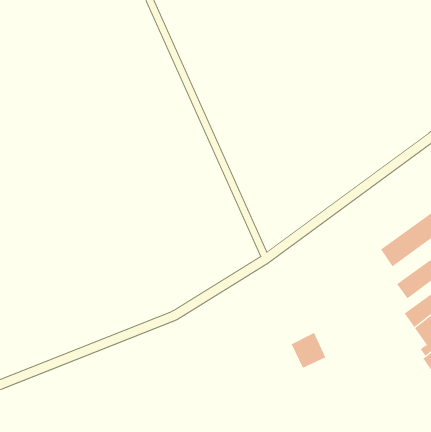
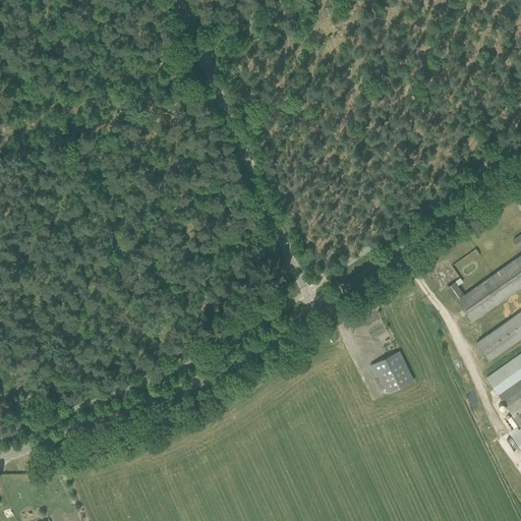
building: [291,332,326,369] -> [372,350,415,394]

